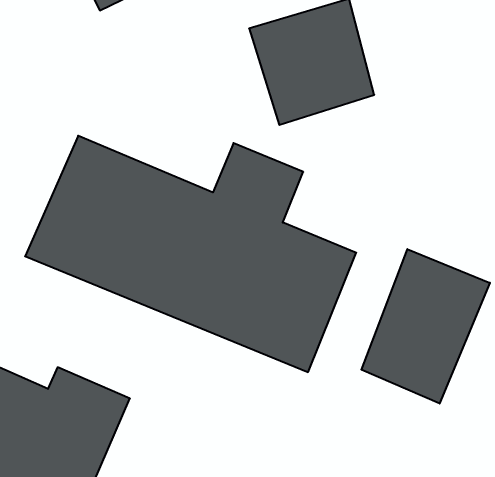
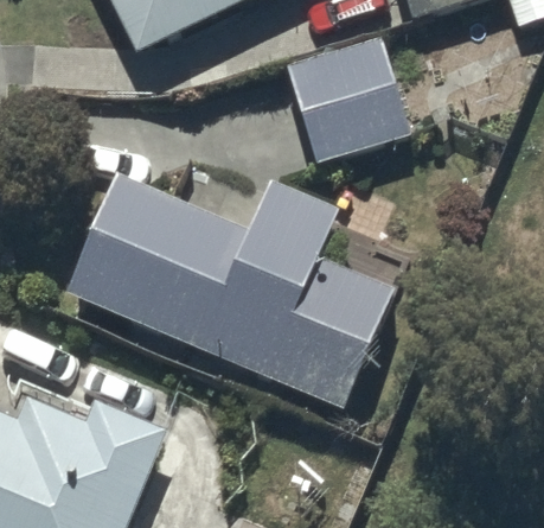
building: [361,249,490,404] -> none

